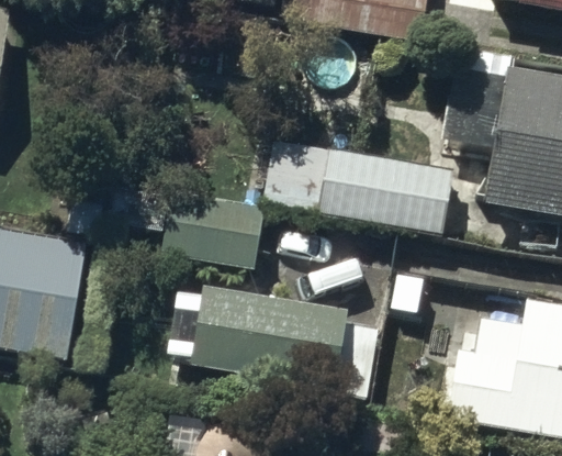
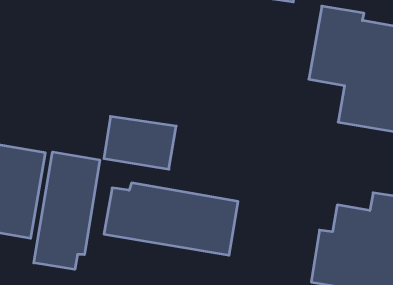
building: [262,138,476,241] -> none
building: none -> [34,152,100,269]

